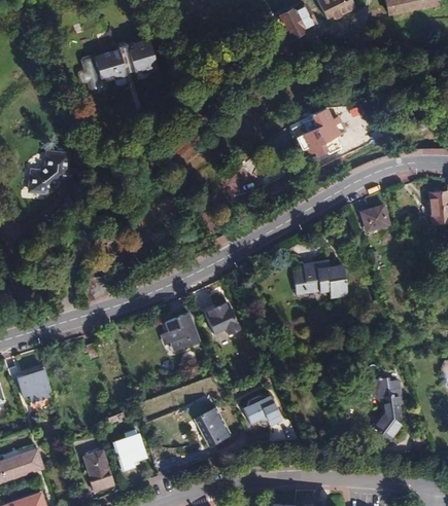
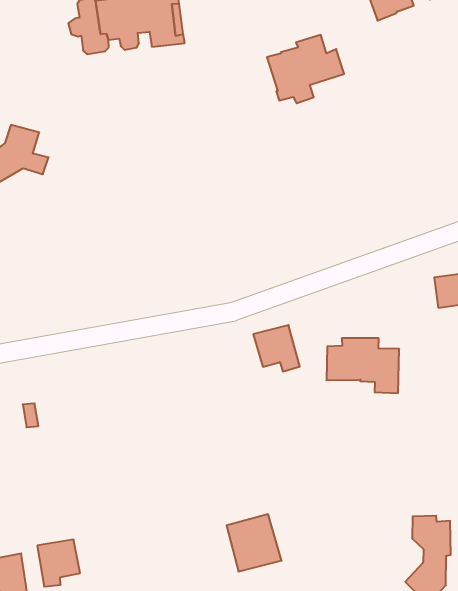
building: [291,106,347,156] -> [267,35,344,103]
building: [203,298,239,331] -> [253,325,300,371]
building: [162,312,201,351] -> none
building: [196,406,231,445] -> none

